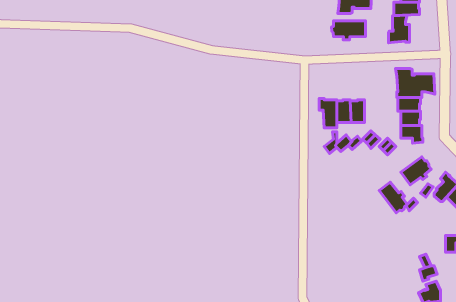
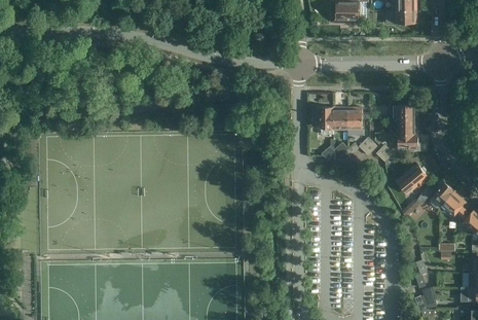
building: [388,15,410,43] -> none
building: [331,21,366,40] -> none
building: [395,68,435,98] -> none
building: [379,182,407,213] -> none

